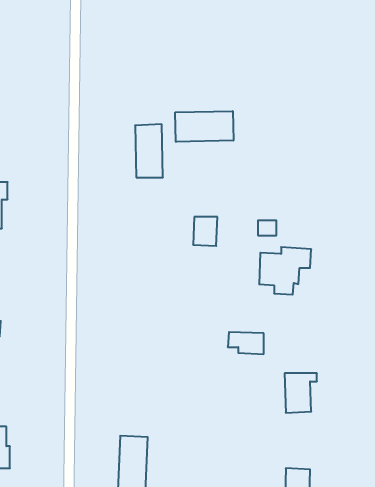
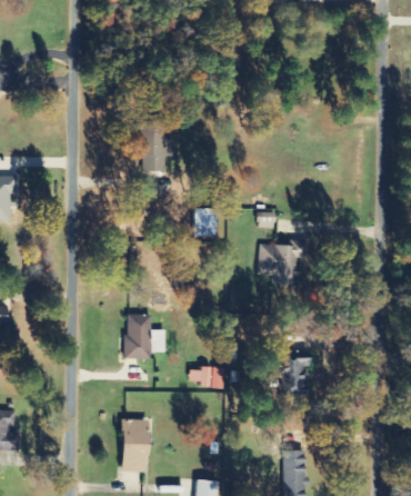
building: [175,111,233,142] -> none
building: none -> [126,315,166,359]
building: [228,332,264,354] -> [189,367,223,388]

